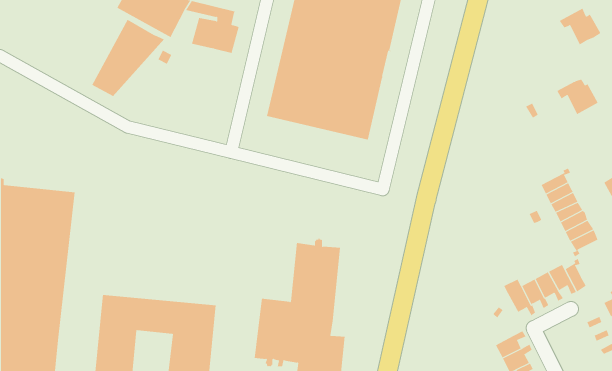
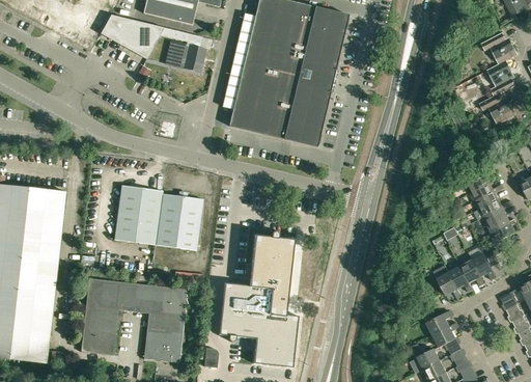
building: [91,19,165,97] -> none
building: none -> [487,60,515,96]
building: none -> [114,185,203,250]

